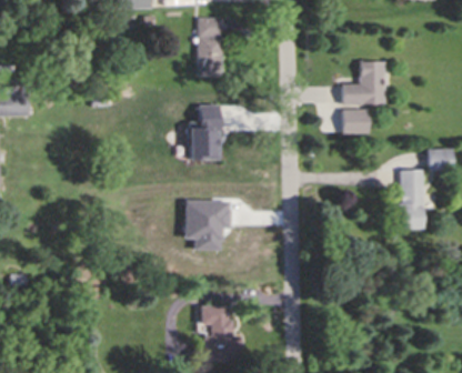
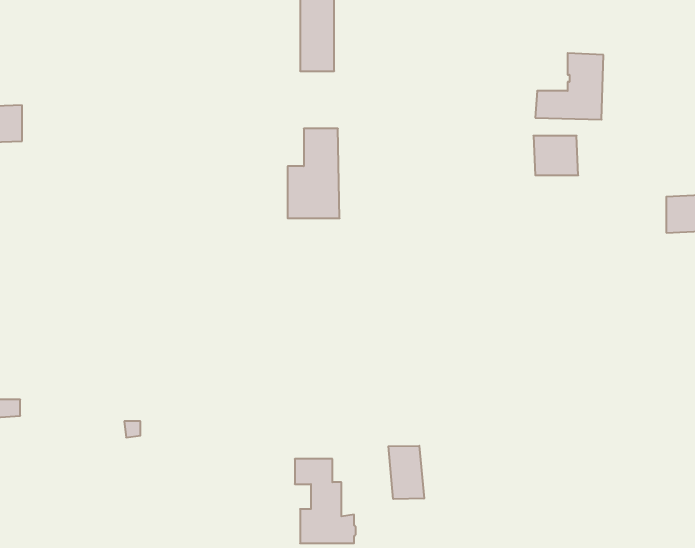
building: [405,168,426,223] -> none
building: [185,201,232,251] -> none
building: none -> [388,446,424,499]

